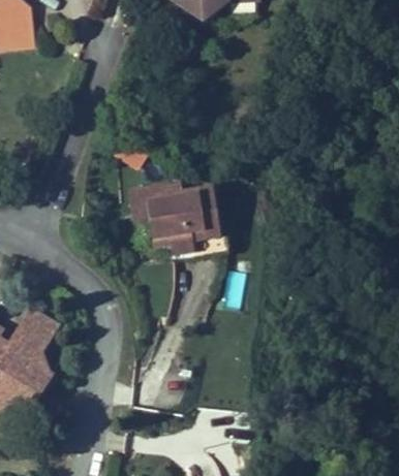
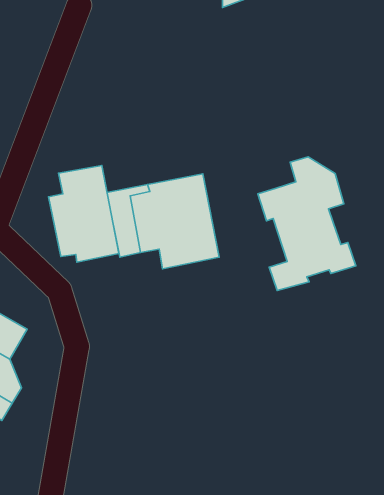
building: none -> [258,157,356,291]
building: none -> [49,165,119,262]

